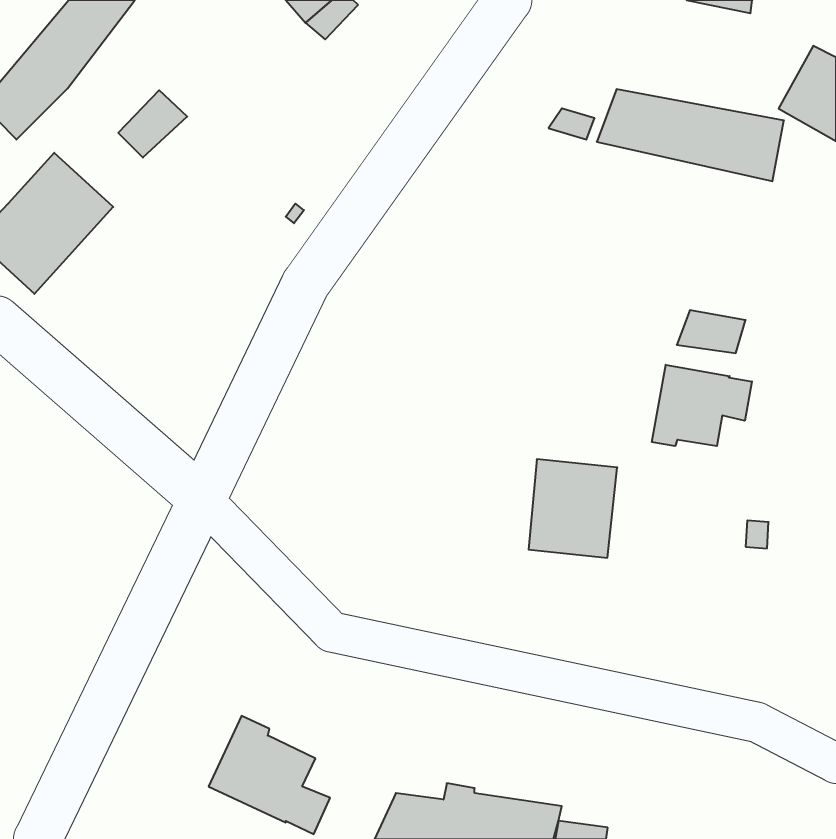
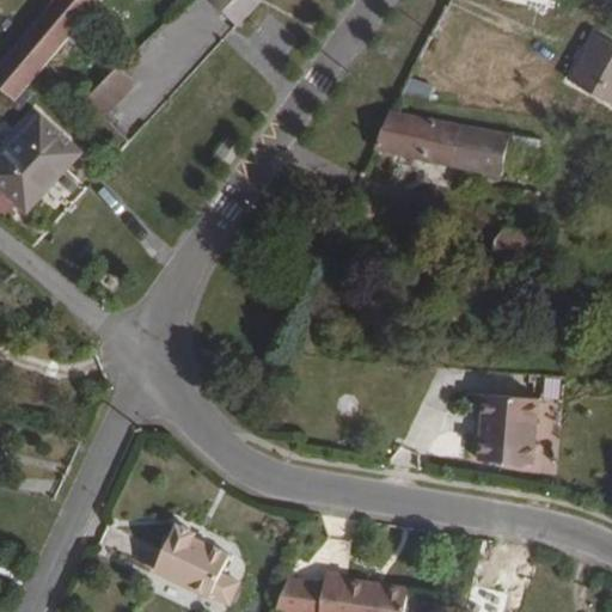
building: [597,89,784,181] -> [373,110,509,177]
building: [652,365,752,446] -> none
building: [529,459,617,558] -> [476,393,540,465]

